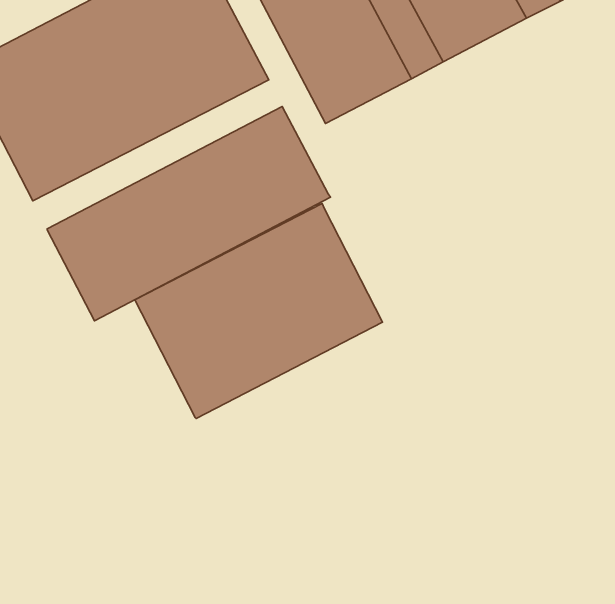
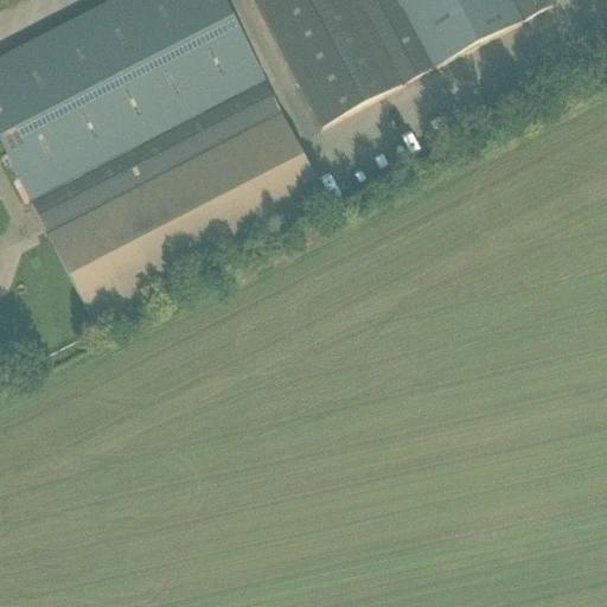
building: none -> [32,78,276,224]
building: [135,204,382,418] -> none

